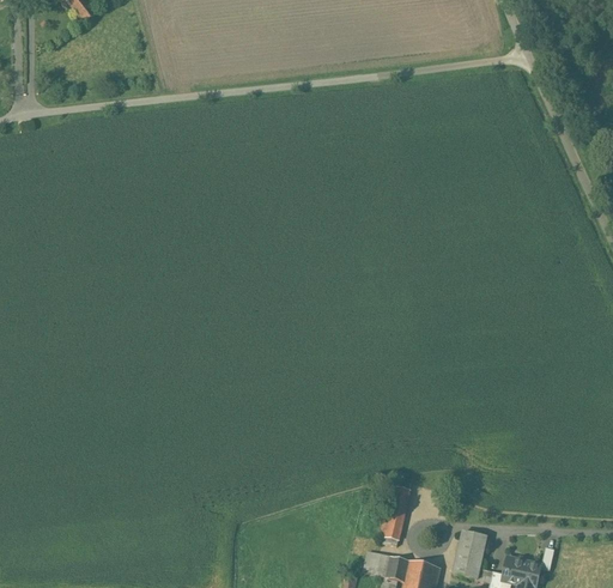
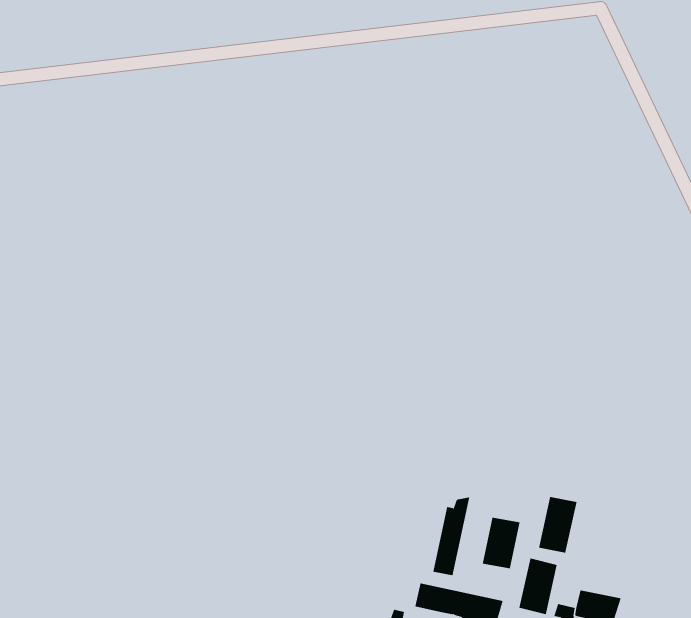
building: none -> [538,496,577,553]
building: none -> [482,517,520,569]

